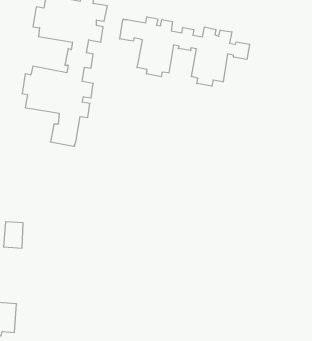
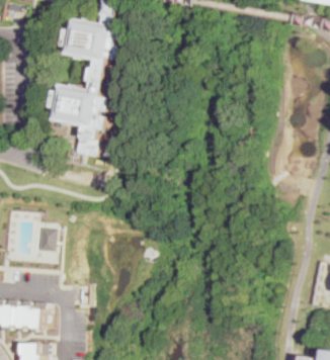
building: [120,17,250,86] -> none

